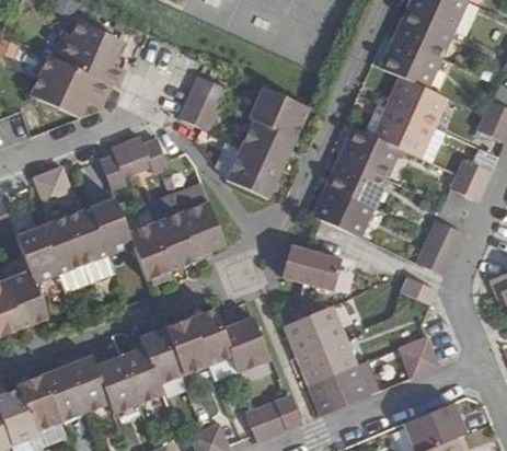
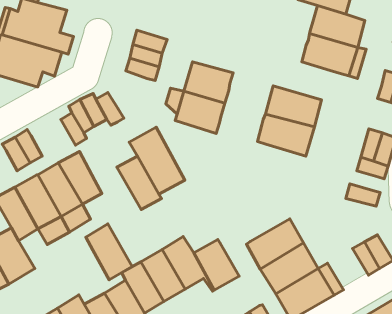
building: [247,84,310,136] -> none
building: [337,126,414,184] -> none
building: [127,220,173,281] -> [86,224,132,280]
building: [281,243,341,290] -> none

